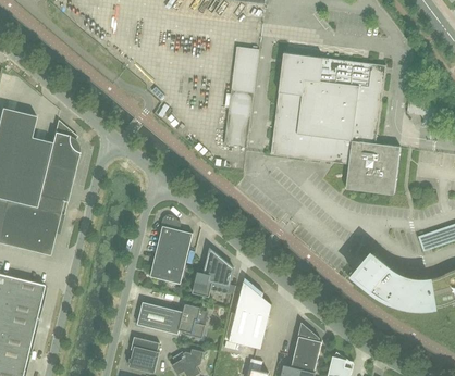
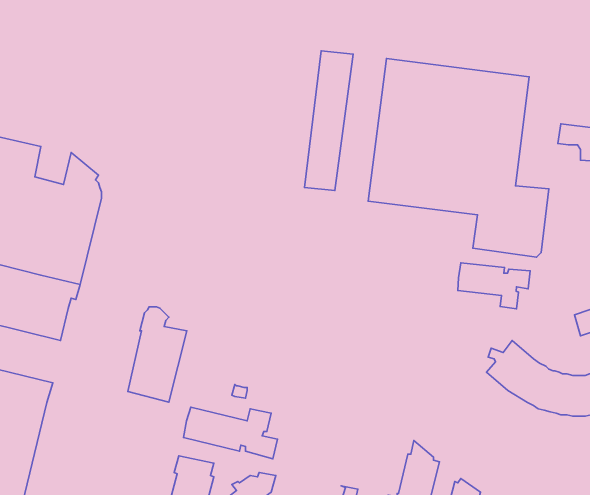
building: none -> [458,263,530,309]
building: [150,215,193,284] -> [128,307,187,402]
building: [192,251,235,297] -> none
building: [228,277,271,349] -> none

